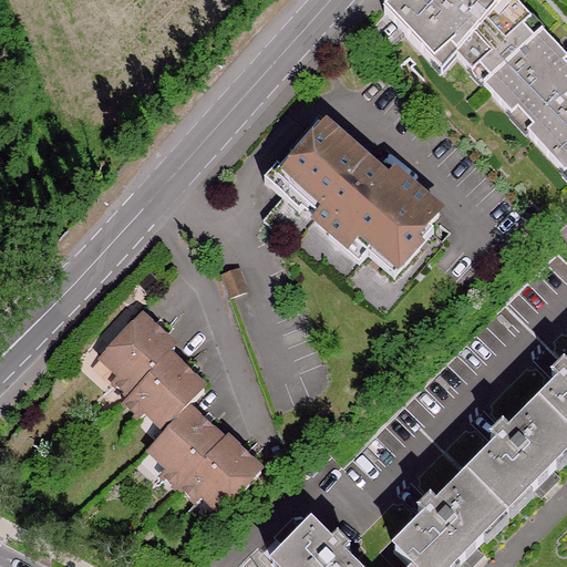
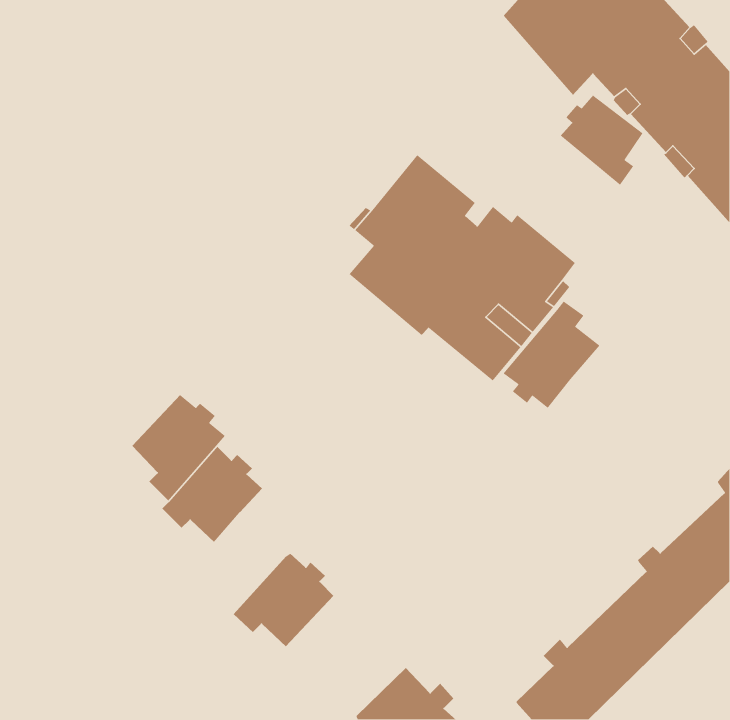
building: none -> [560,94,643,186]
building: none -> [502,300,600,409]
building: [150,398,221,480] -> none

